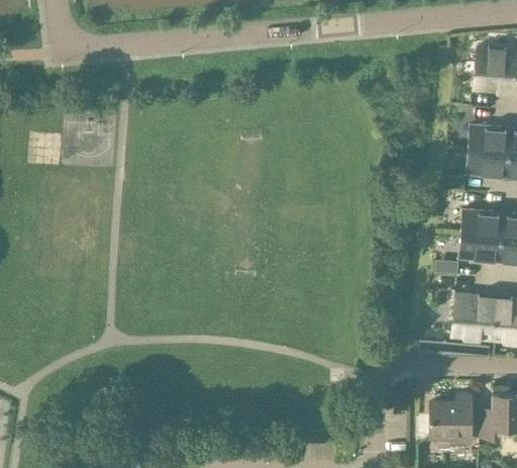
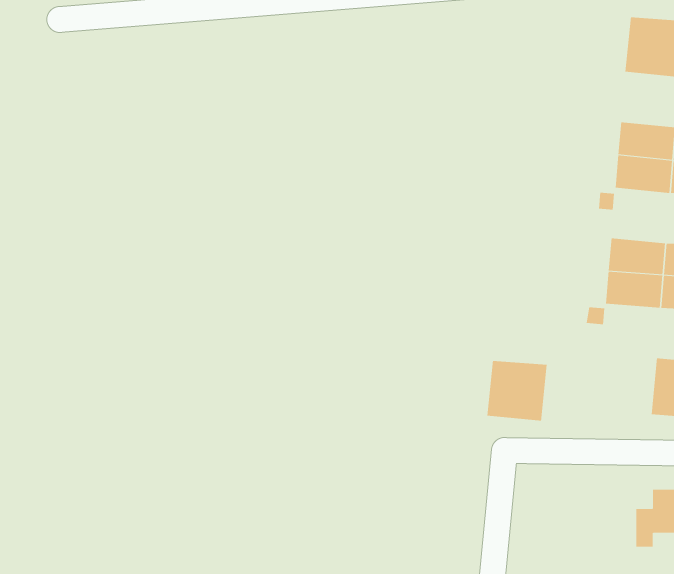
building: [452,296,497,341] -> [487,360,547,421]
building: [419,394,472,449] -> none

